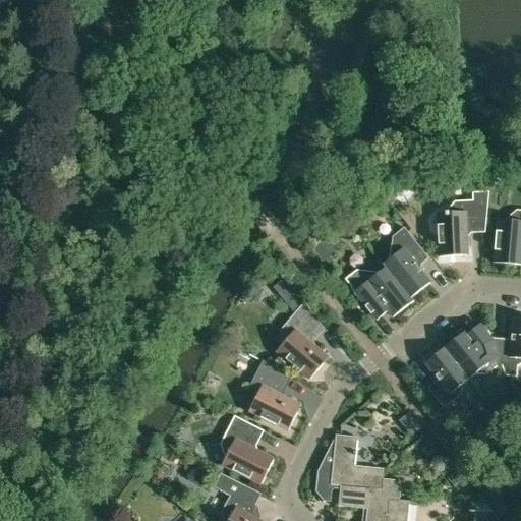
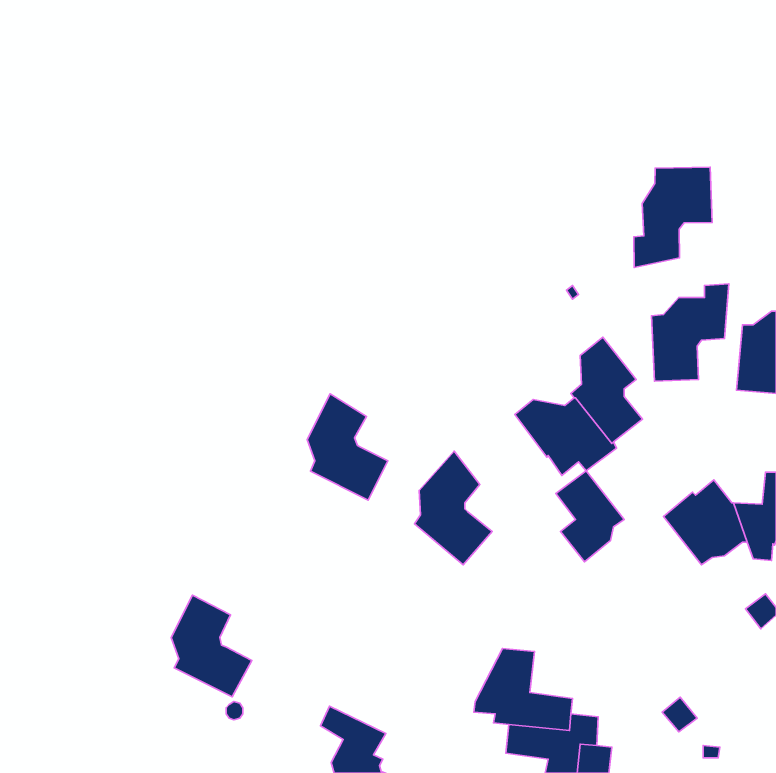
building: none -> [634,167,712,267]
building: [424,346,470,407] -> [556,471,624,562]
building: [248,359,302,430] -> [307,394,388,500]
building: [221,415,275,483] -> [171,595,252,697]

